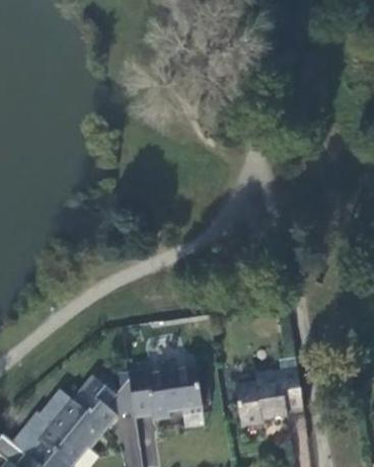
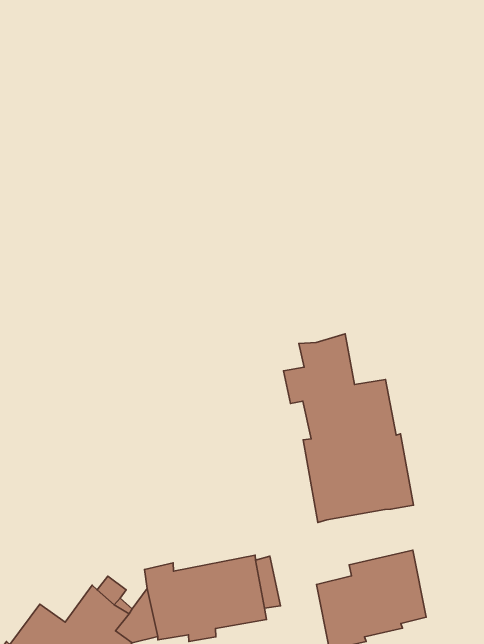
building: none -> [284,334,413,523]

